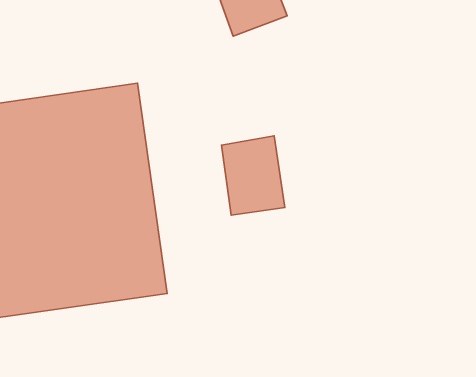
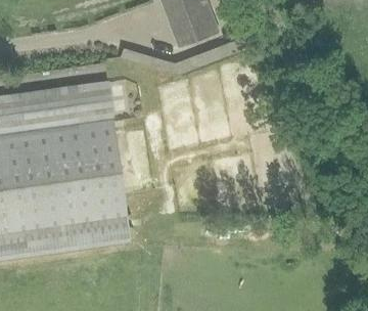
building: [221,136,285,215] -> none

